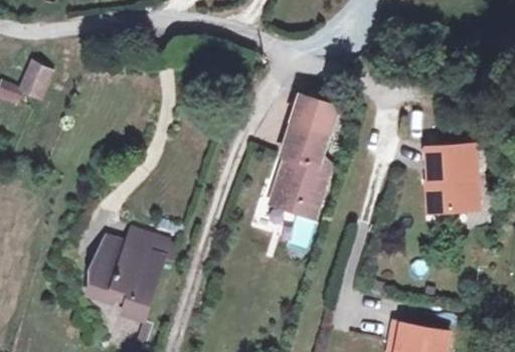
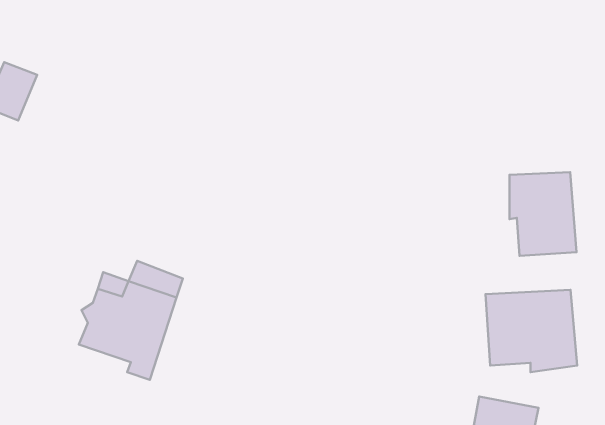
building: [271,96,334,216] -> none
building: none -> [486,290,577,372]

